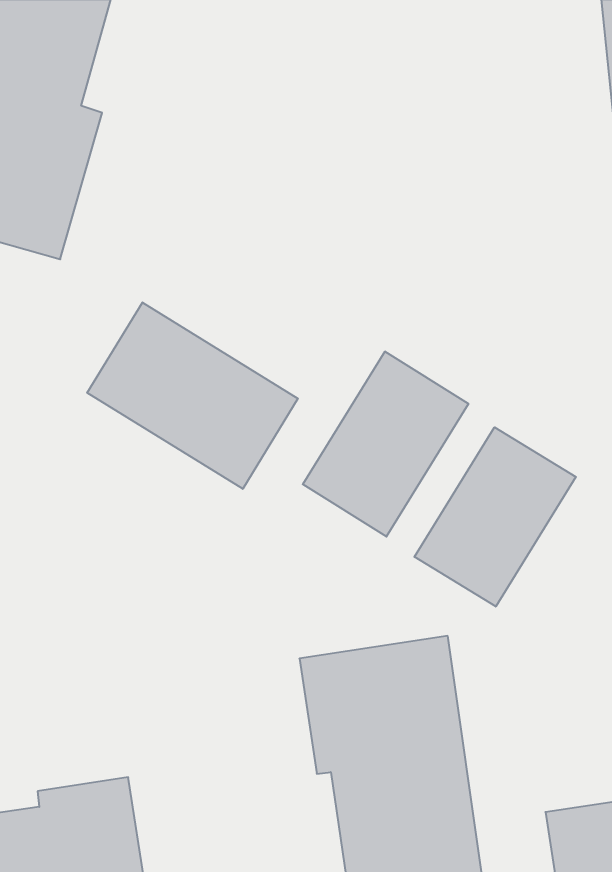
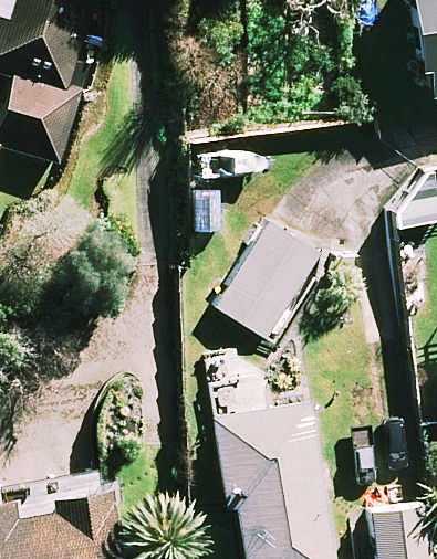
building: [87,302,298,489] -> none
building: [414,427,576,607] -> none

